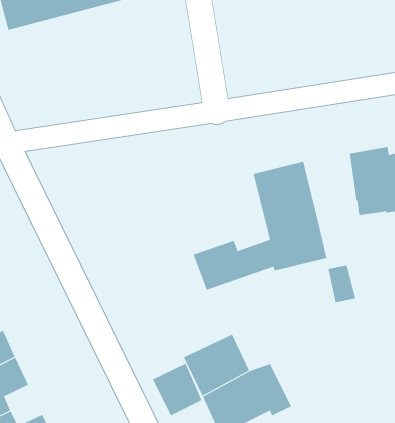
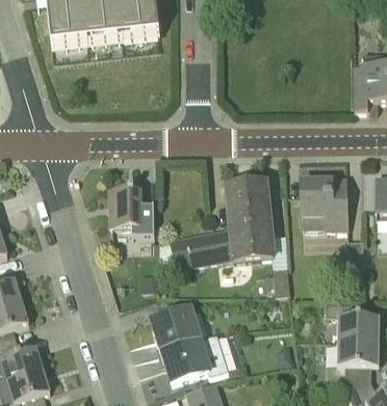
building: none -> [109,184,154,233]
building: [152,363,202,416] -> none

